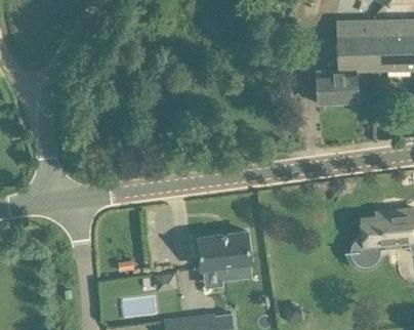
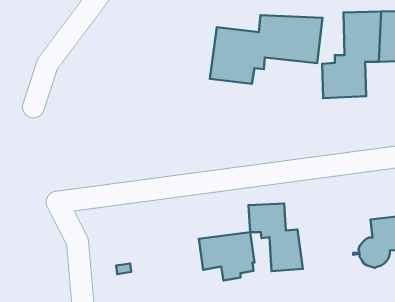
building: none -> [210,15,322,84]
building: none -> [248,203,303,271]

